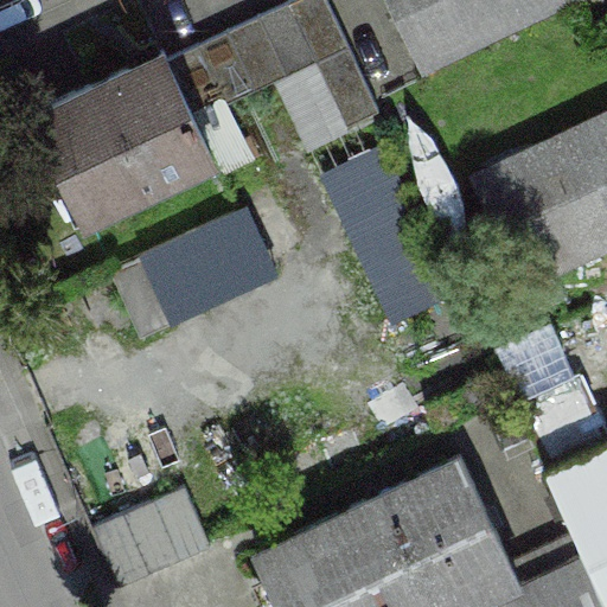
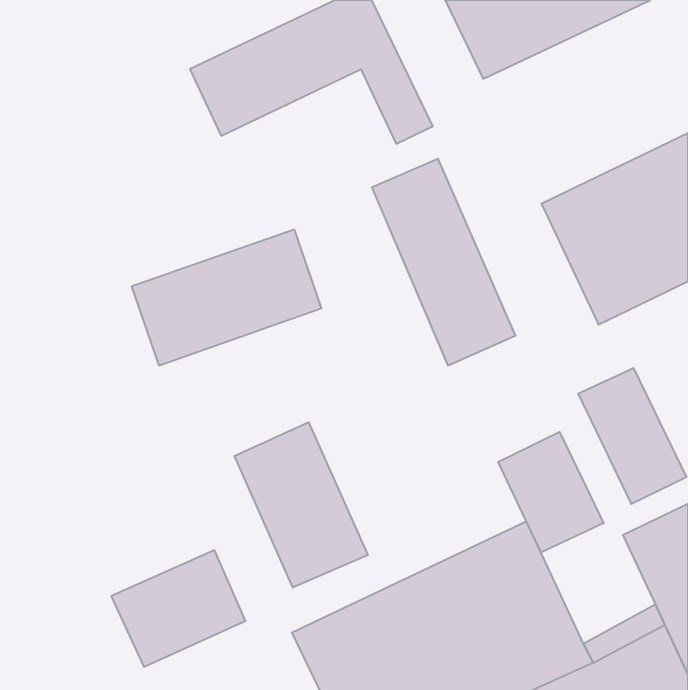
building: [34,55,211,219] -> none
building: none -> [234,422,368,588]
building: none -> [498,432,604,552]

